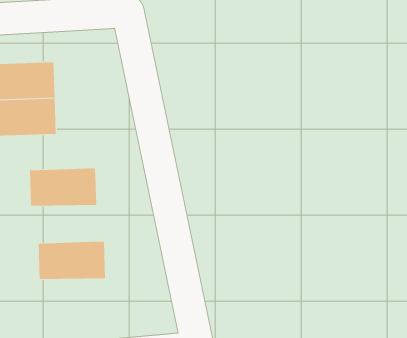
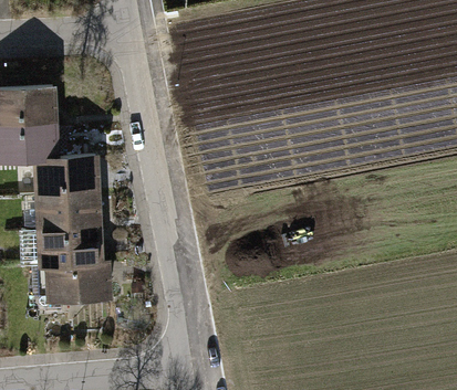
building: none -> [31,158,100,196]
building: none -> [33,231,102,270]

